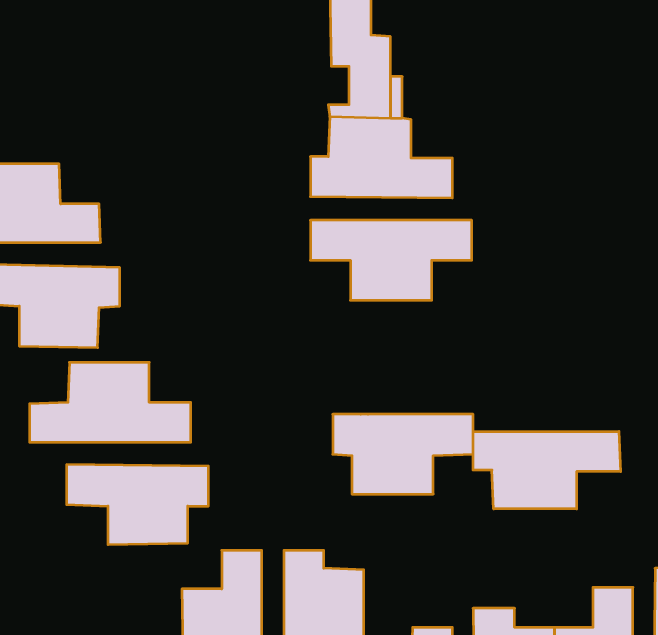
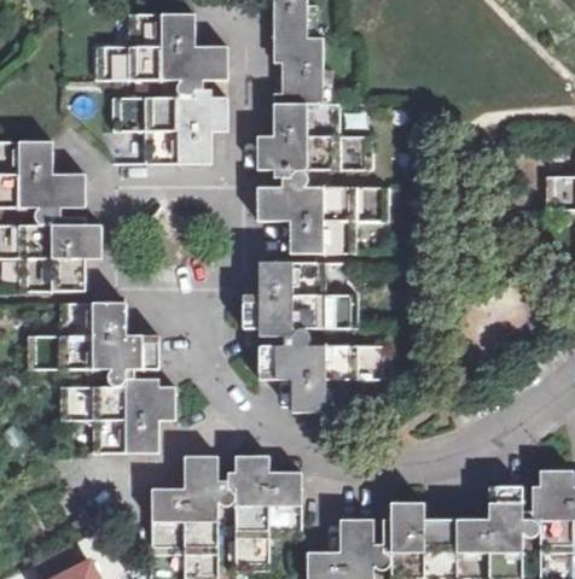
building: none -> [94,14,227,78]
building: none -> [111,98,227,162]
building: none -> [243,263,358,328]
building: [473,431,621,509] -> none

